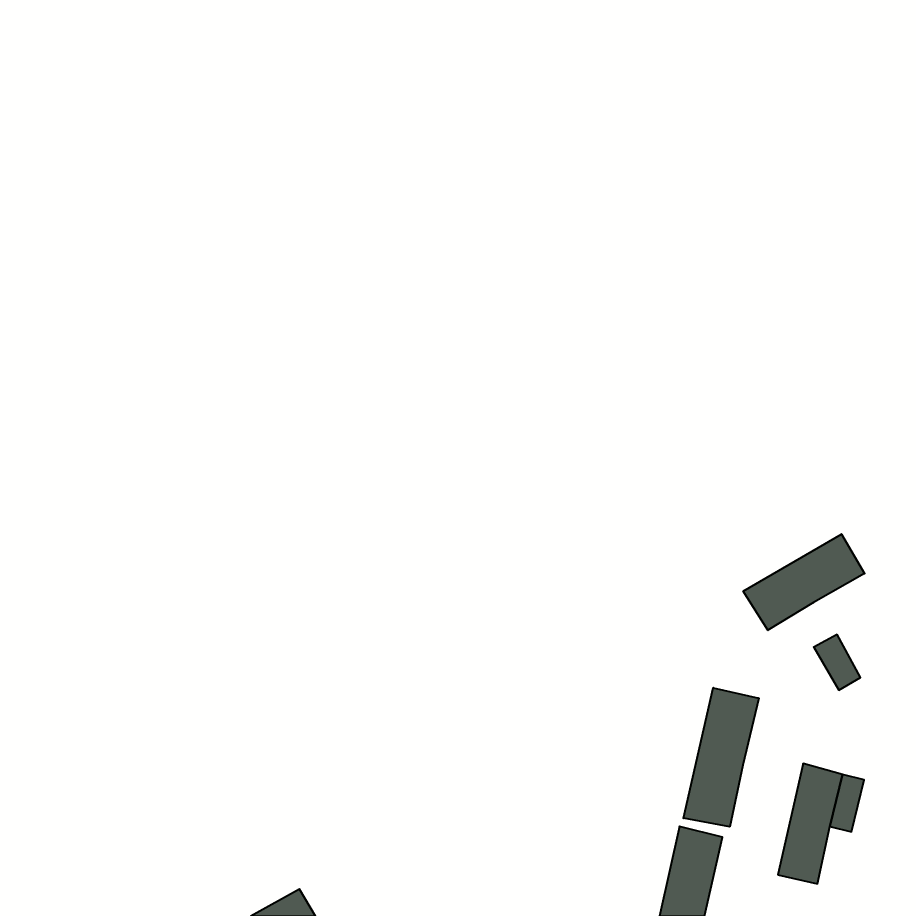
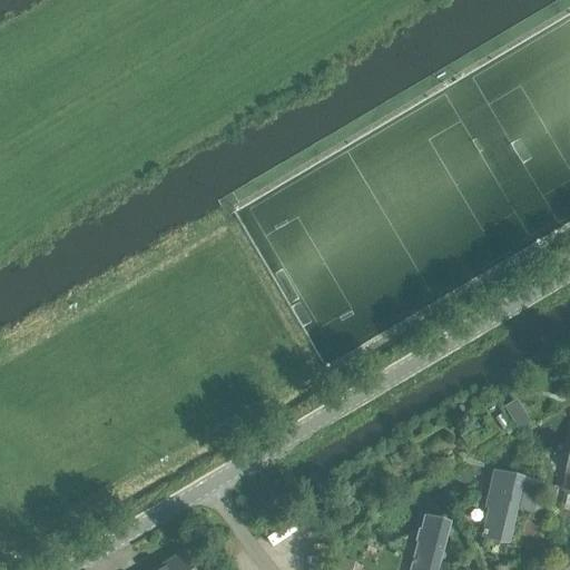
building: [743,534,865,630] -> none
building: [683,688,759,827] -> none

